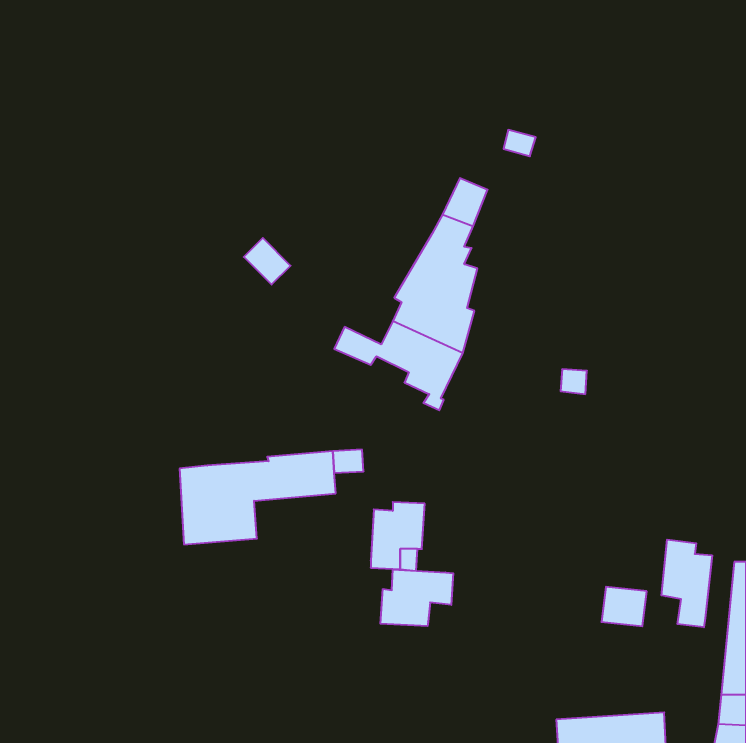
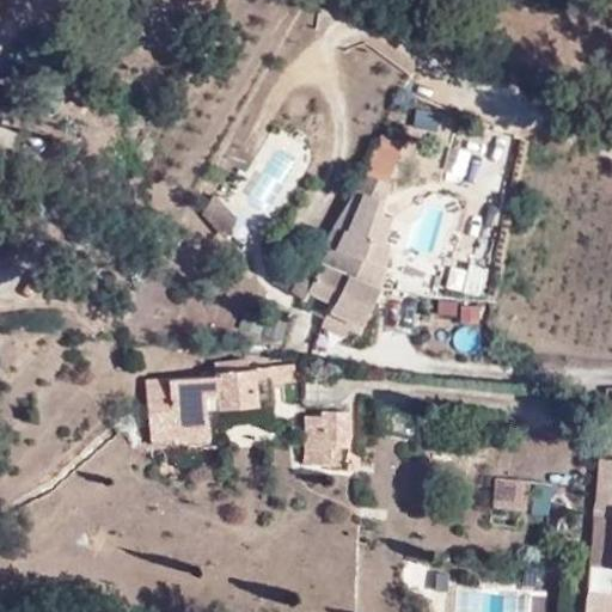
building: [661,540,712,627] -> none
building: [380,569,453,626] -> none

